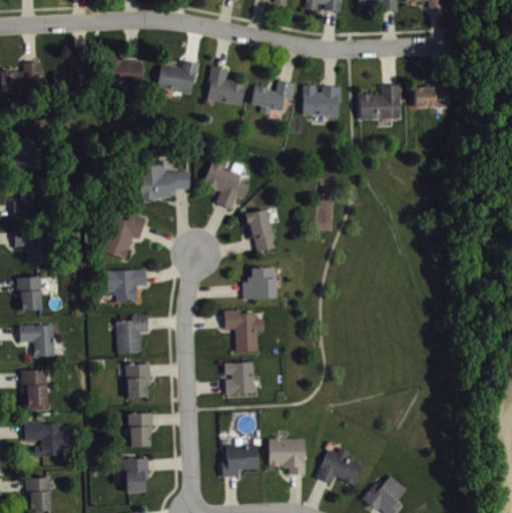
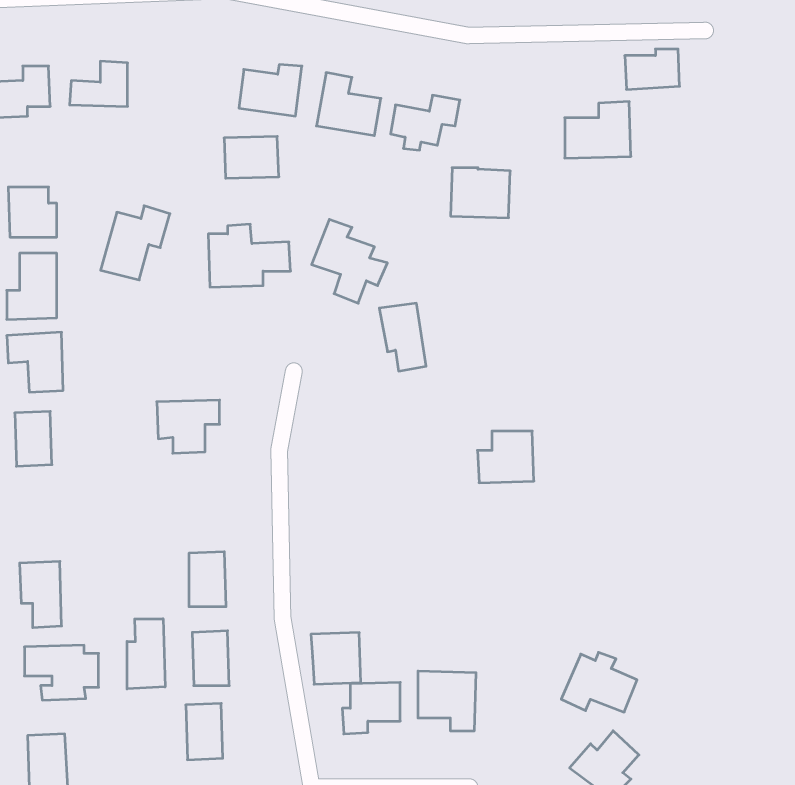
building: [108,59,142,85] -> [224,136,279,178]
building: [414,83,448,108] -> [625,49,680,89]
building: [302,85,339,116] -> [451,168,510,218]
building: [102,212,145,259] -> [101,206,170,280]
building: [241,268,277,300] -> [477,431,534,483]
building: [224,312,264,352] -> none
building: [116,316,148,354] -> none
building: [19,325,54,357] -> none
building: [223,362,254,394] -> [311,633,361,684]
building: none -> [127,619,165,689]
building: [316,448,363,485] -> [561,652,637,712]

